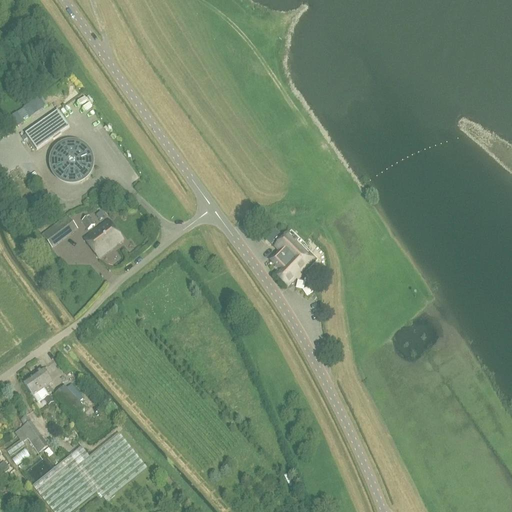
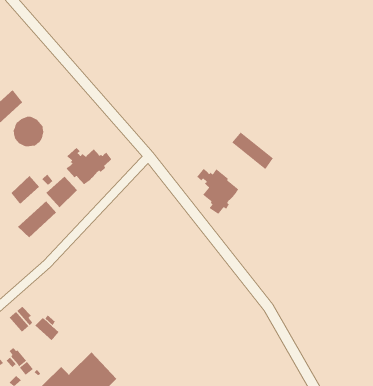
building: none -> [66,147,112,185]
building: none -> [231,131,274,170]
building: none -> [17,201,57,238]

